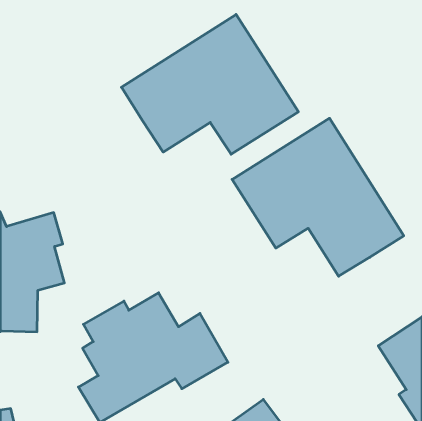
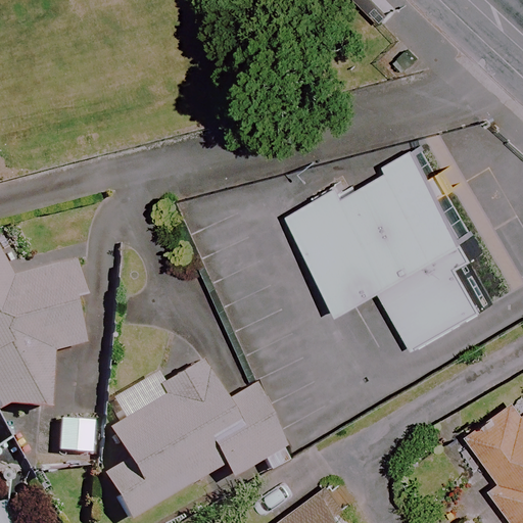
building: [121,14,298,154] -> none

